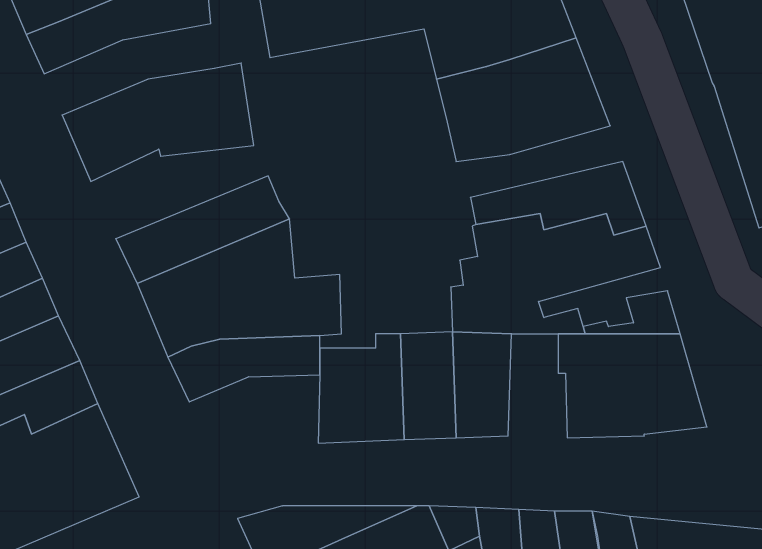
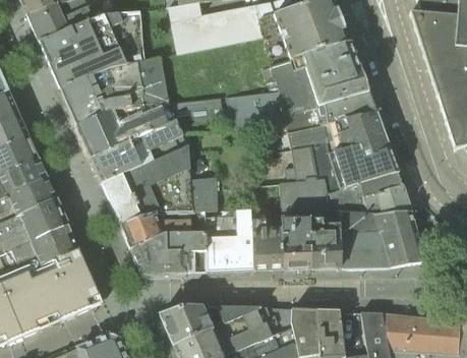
building: none -> [48,34,144,85]
building: none -> [226,90,376,132]
building: none -> [74,97,224,156]
building: none -> [329,172,402,205]
building: none -> [311,210,341,267]
building: none -> [130,233,205,273]

